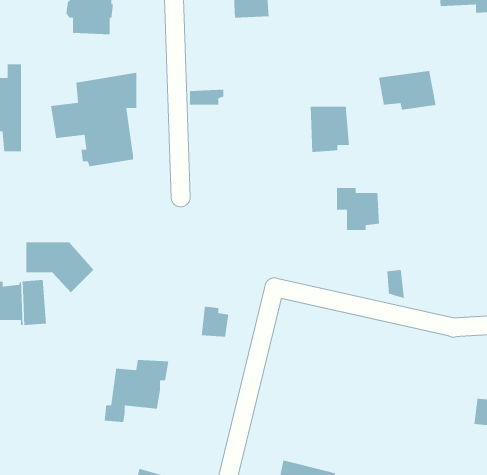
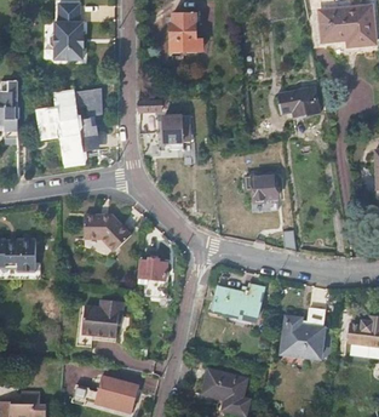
building: [310,106,350,153] -> [163,116,193,150]
building: [26,241,94,293] -> [85,215,134,252]
building: none -> [211,285,262,320]
building: none -> [282,308,325,359]

